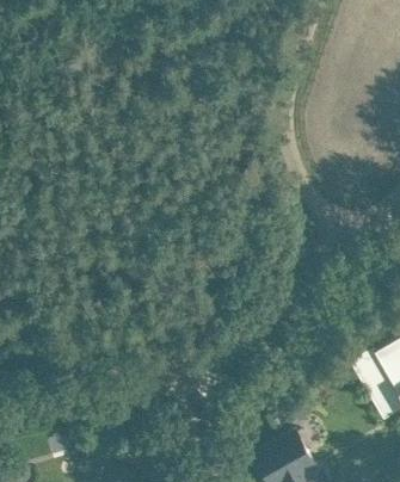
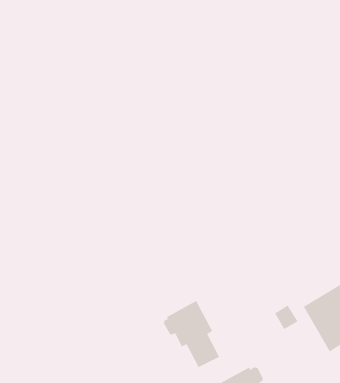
building: none -> [163,300,220,368]

